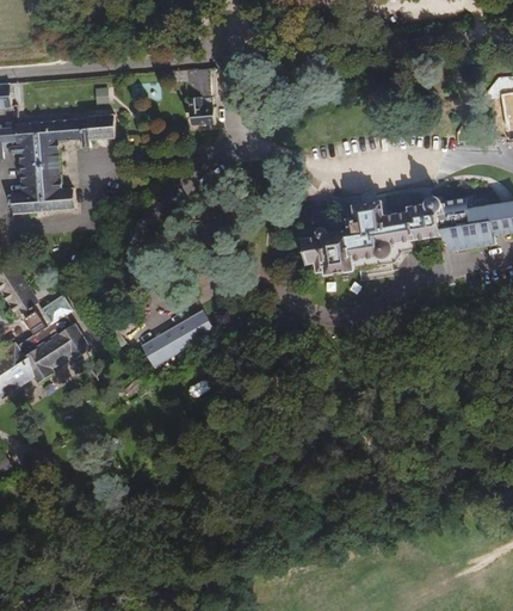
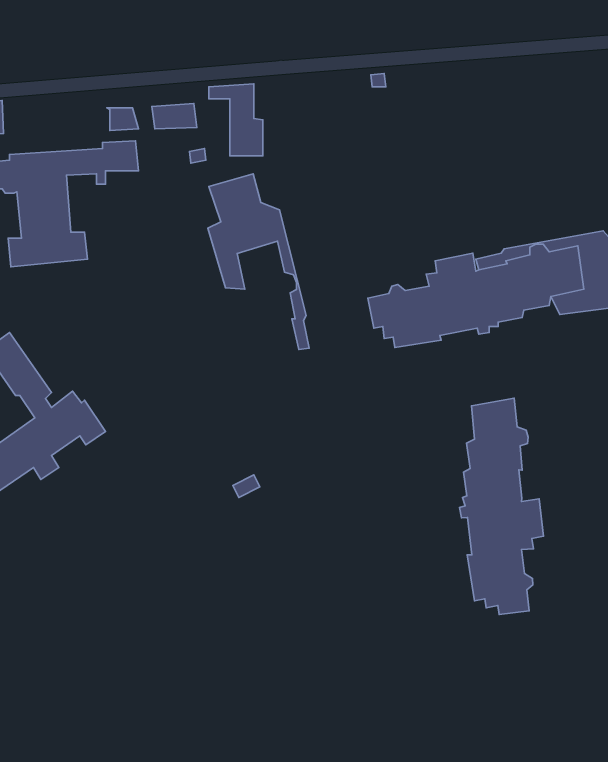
building: none -> [208,174,309,350]
building: [140,308,216,365] -> none
building: none -> [460,398,544,614]

